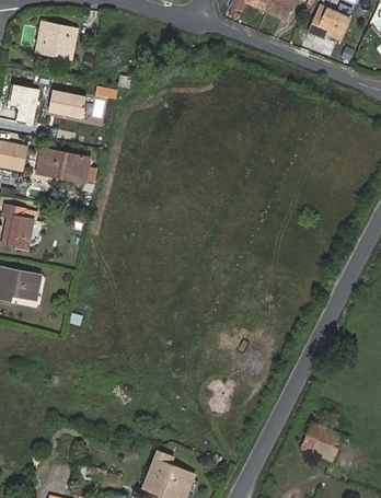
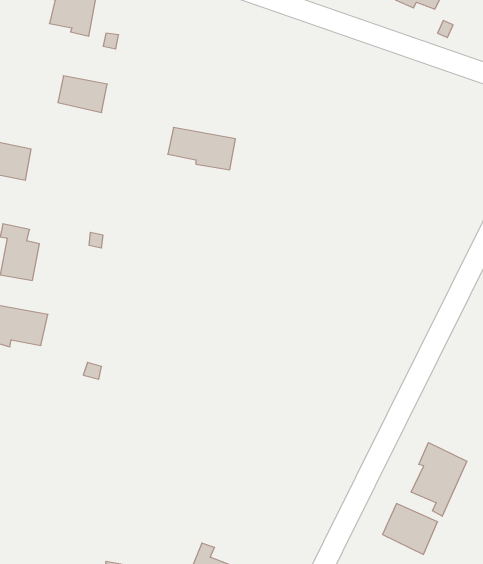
building: [9,84,38,125] -> none
building: [36,149,89,182] -> [168,127,235,170]
building: none -> [411,443,467,516]

